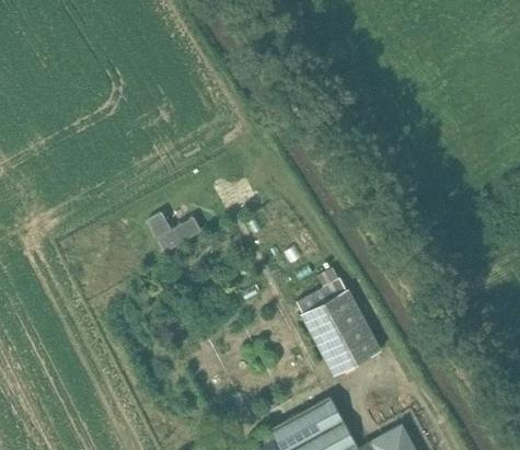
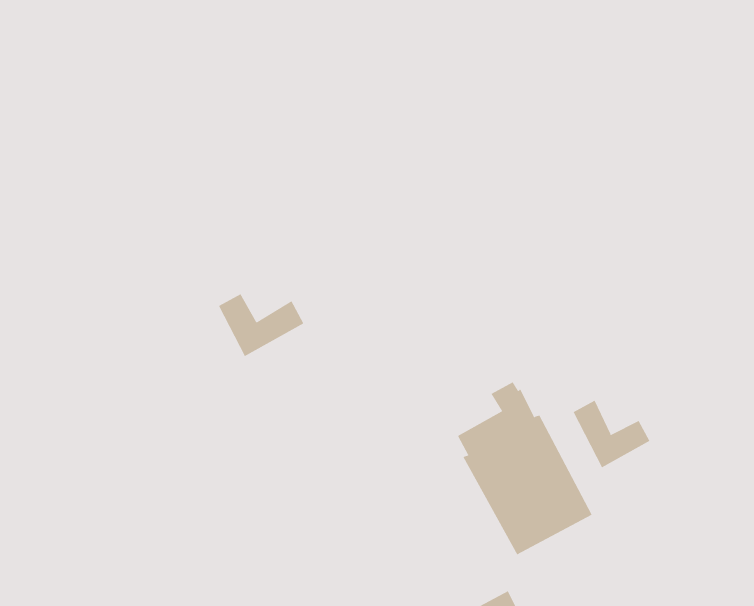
building: none -> [573,400,650,468]

